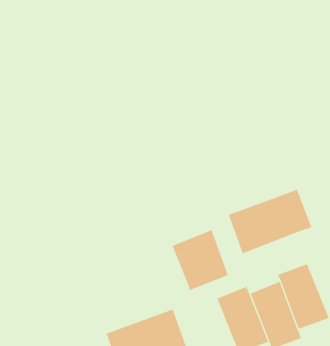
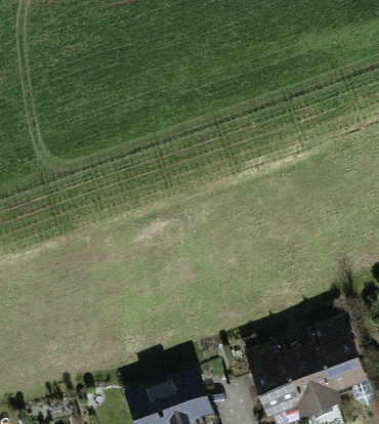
building: [228,189,312,254] -> none
building: [172,230,228,291] -> none

